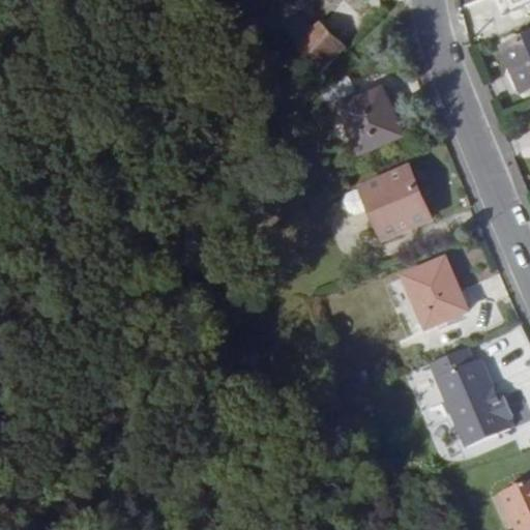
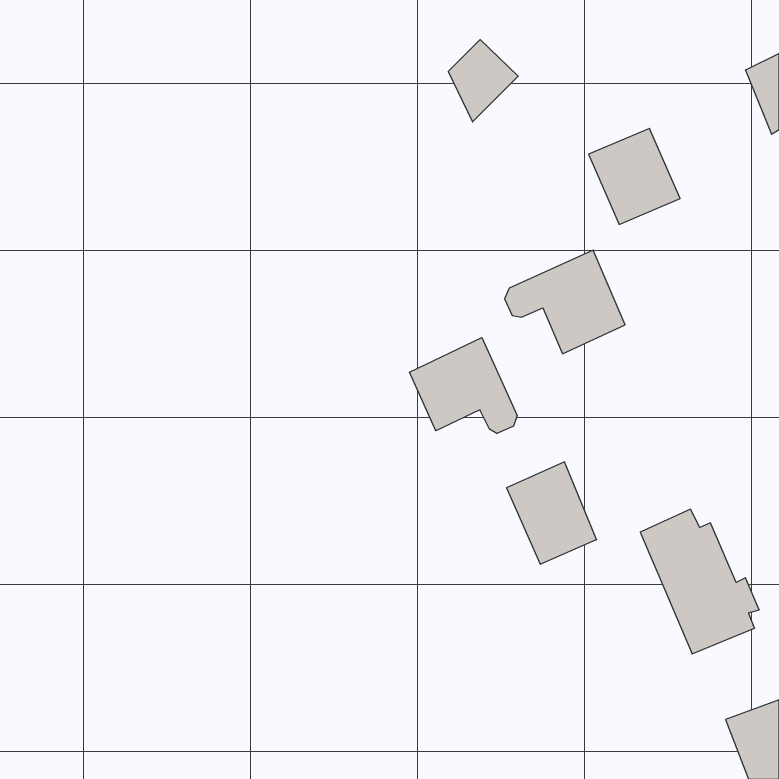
building: [342,87,404,152] -> [589,128,680,224]
building: none -> [410,338,517,434]
building: [399,261,460,330] -> [507,462,597,564]

